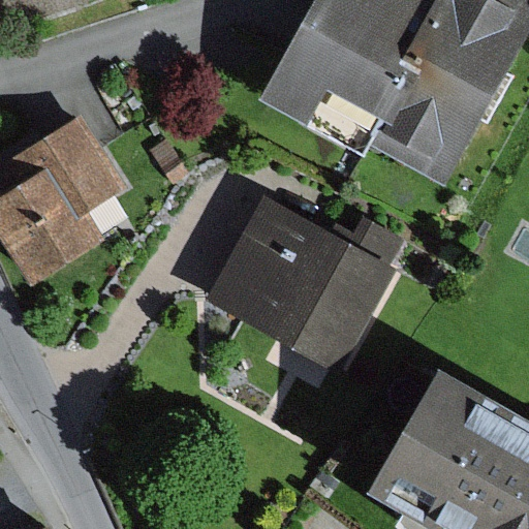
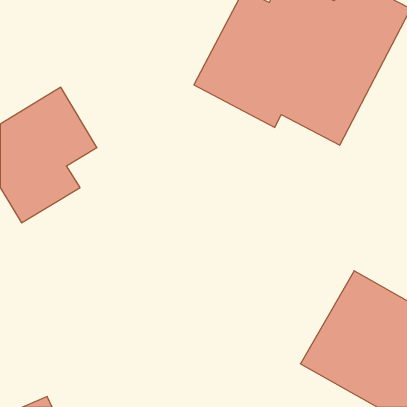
building: [211,203,406,372] -> none

